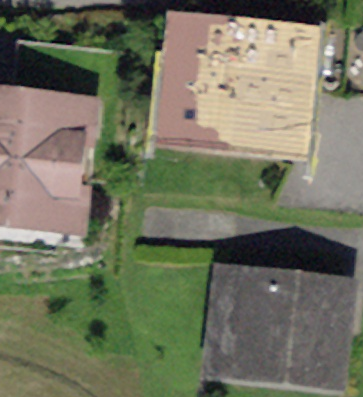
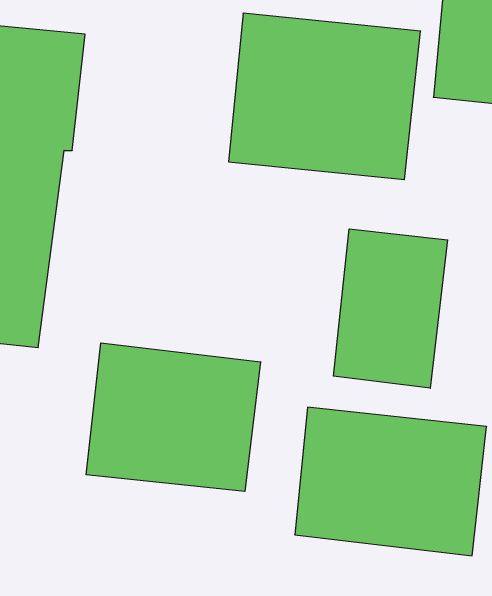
building: none -> [333,229,448,388]
building: none -> [86,343,261,491]

